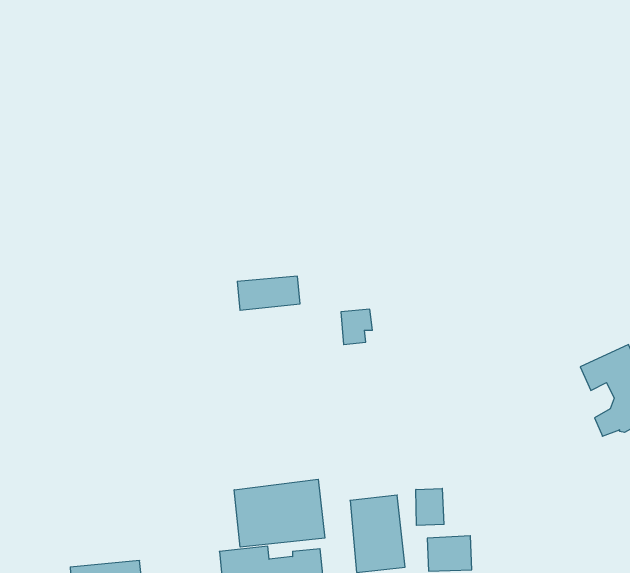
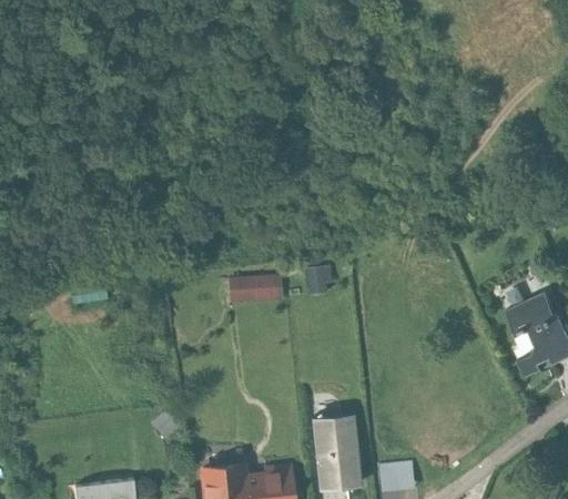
building: [237,276,300,310] -> [227,275,281,304]
building: [234,479,325,547] -> none
building: [416,488,444,525] -> none

